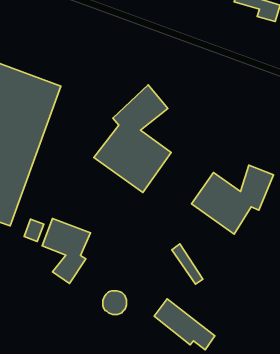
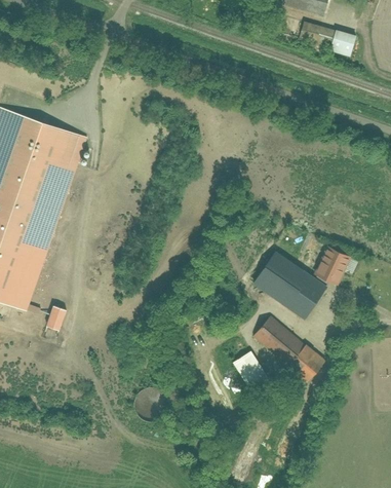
building: [94,85,171,192] -> none
building: [42,218,91,283] -> none
building: [154,299,215,350] -> [249,314,325,378]

